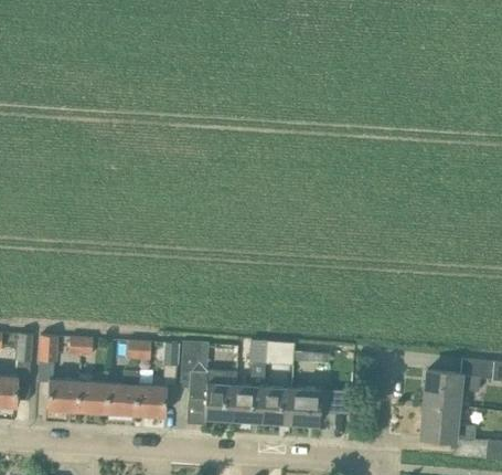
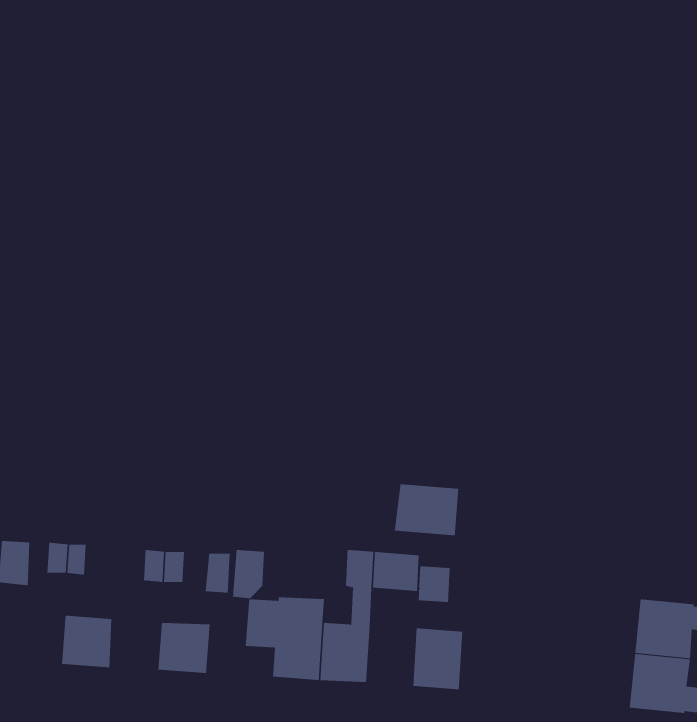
building: none -> [394,484,459,536]
building: [106,371,137,414] -> none
building: [46,379,78,411] -> none
building: [261,388,291,424] -> none

